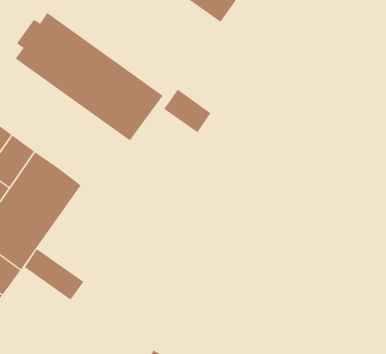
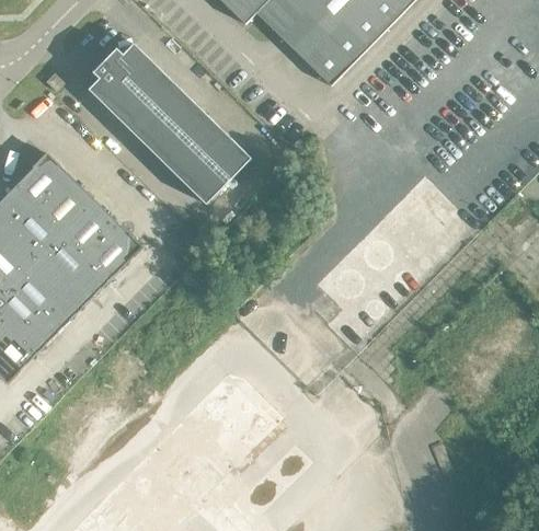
building: [163,89,211,133] -> none
building: [24,248,84,301] -> none

